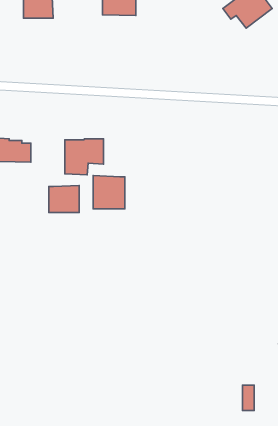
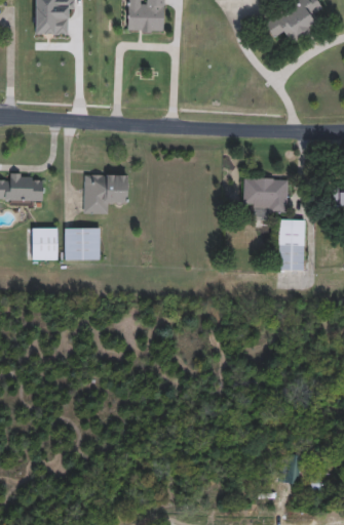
building: none -> [242,176,289,221]
building: [93,176,125,209] -> none
building: none -> [277,219,305,271]
building: none -> [31,228,58,260]

